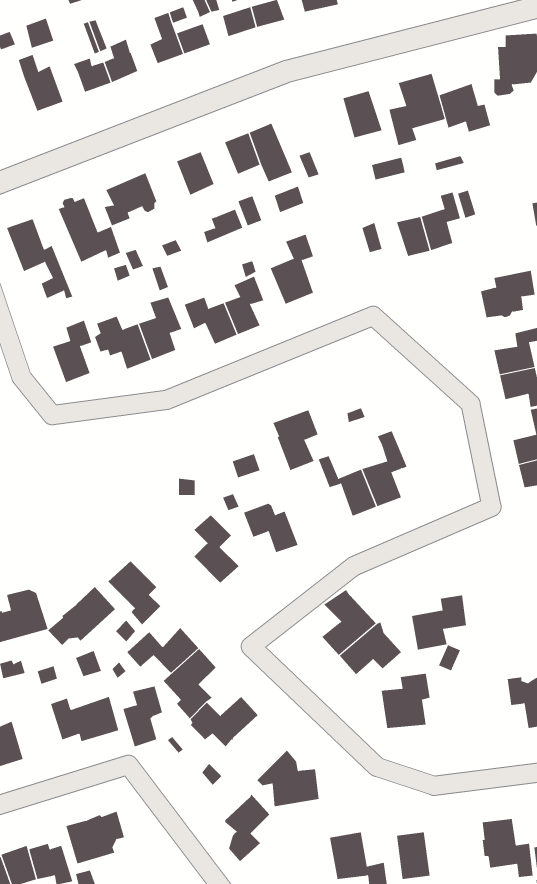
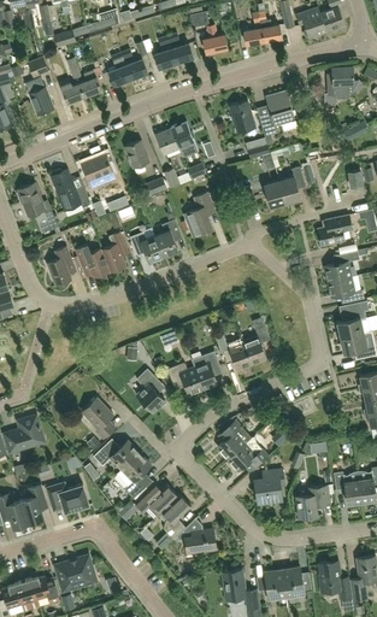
building: [439,83,491,132] -> none
building: [273,410,318,471] -> [192,351,220,389]
building: [47,586,116,646] -> none
building: [411,595,467,650] -> [295,484,330,519]
building: [123,686,163,747] -> [22,486,47,524]
building: [224,793,270,862] -> [161,494,190,537]
building: none -> [282,568,304,598]

